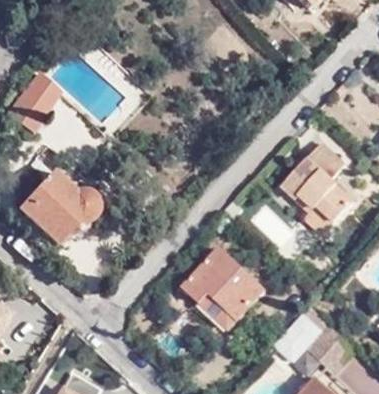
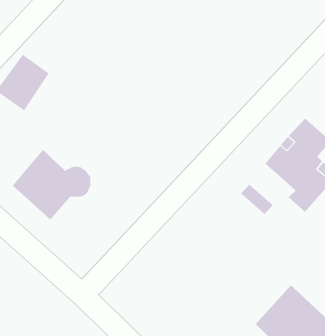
building: [185,248,267,329] -> none

